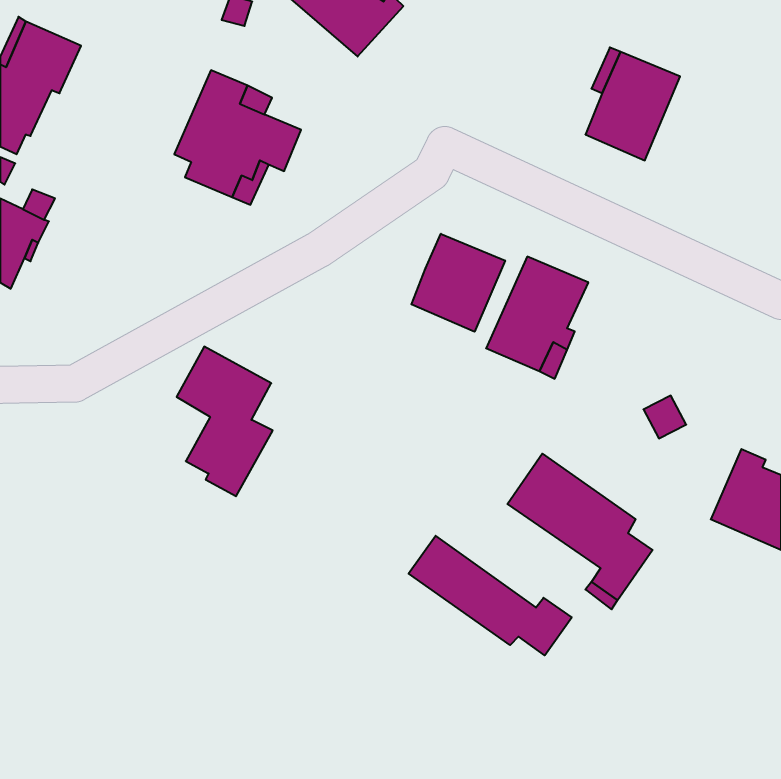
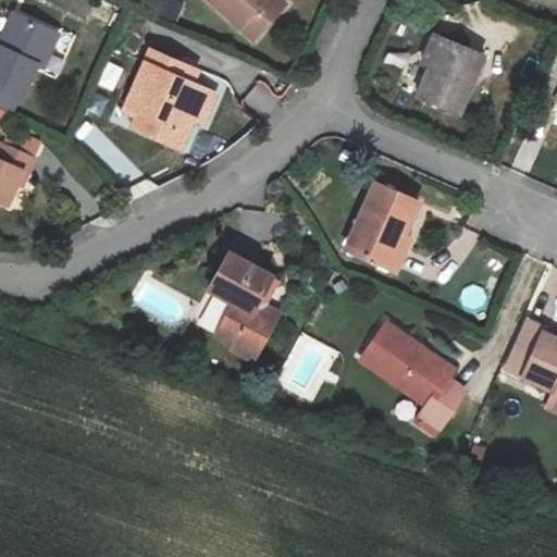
building: [411,234,505,332] -> none
building: [177,347,273,496] -> [210,252,278,359]
building: [409,536,572,655] -> none

